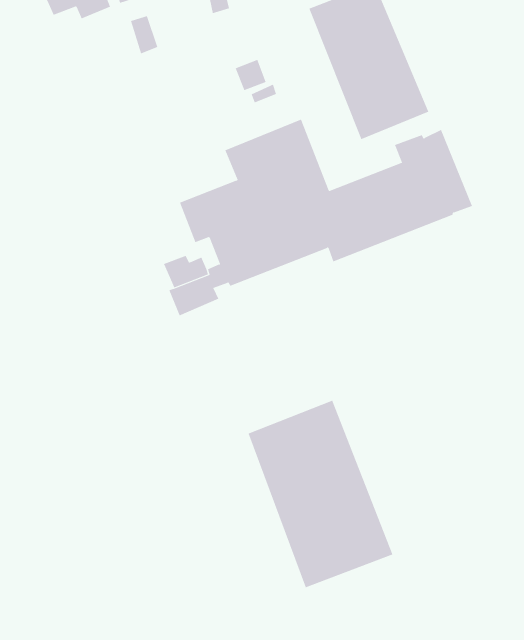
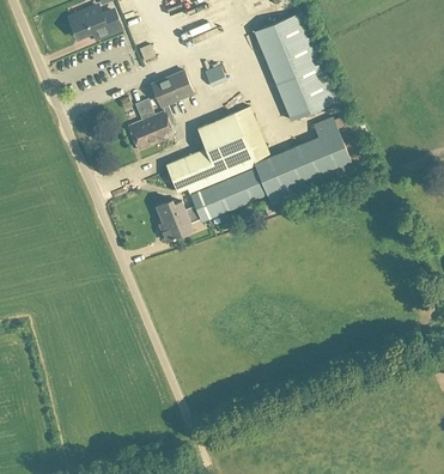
building: none -> [127,71,191,151]
building: [248,400,393,588] -> none

